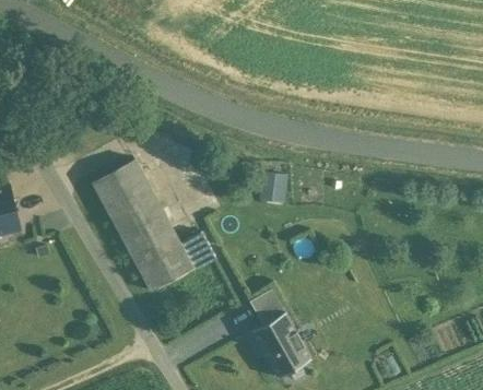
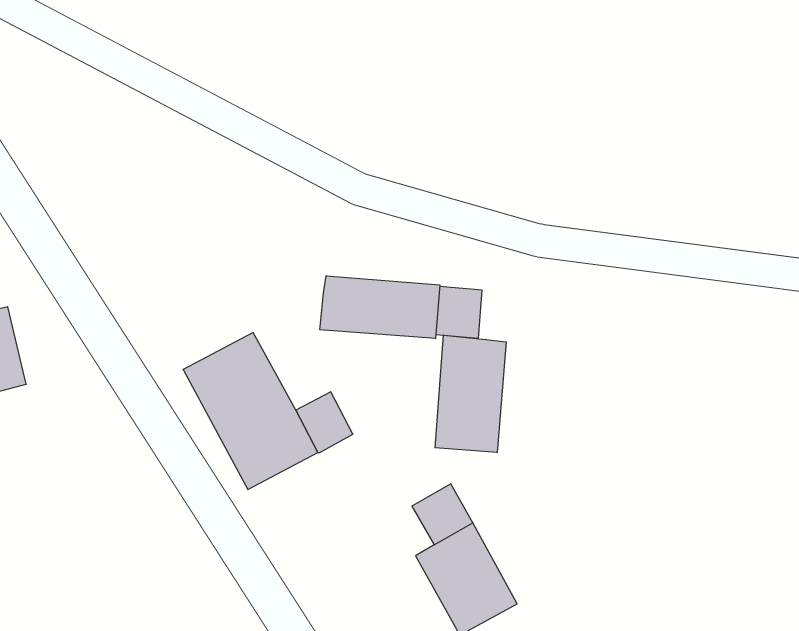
building: [93,159,155,221] -> none
building: none -> [320,276,440,339]
building: none -> [435,335,506,453]

